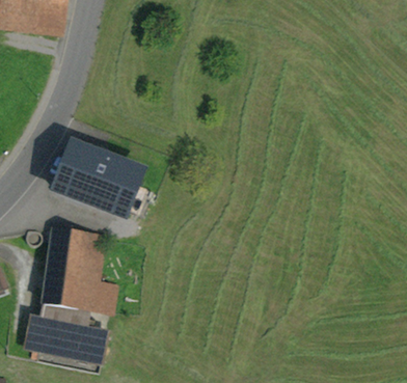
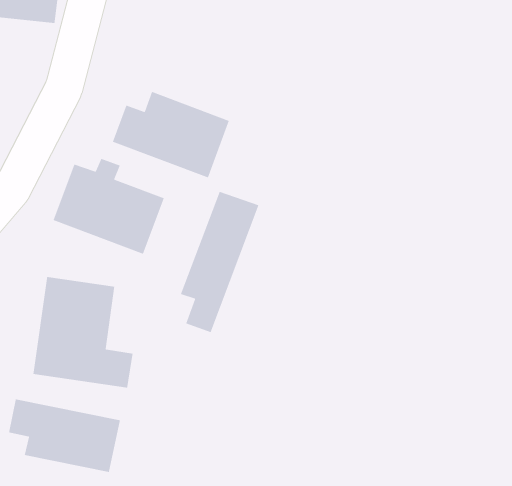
building: none -> [112,91,230,178]
building: none -> [180,191,259,333]

